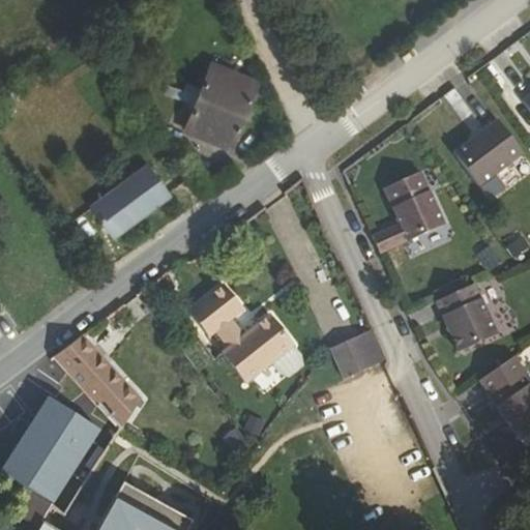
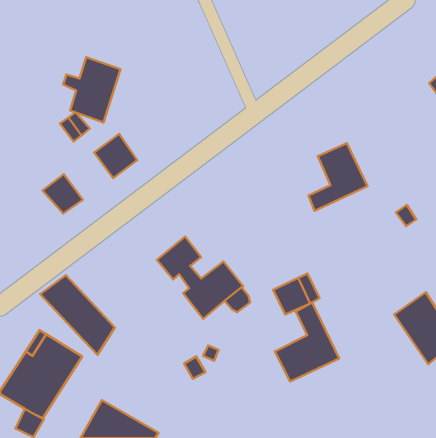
building: [177,67,246,146] -> [63,57,121,122]
building: [452,119,522,185] -> none
building: [90,184,139,232] -> [43,174,83,214]
building: [435,282,496,349] -> none
building: none -> [275,302,339,382]

